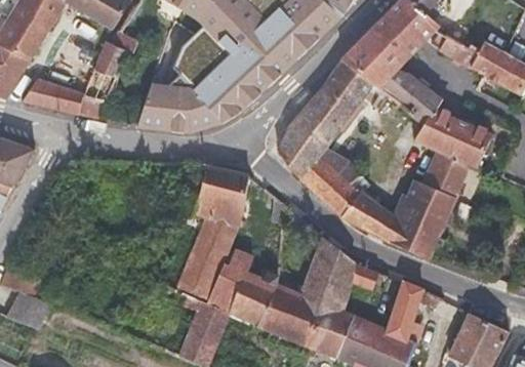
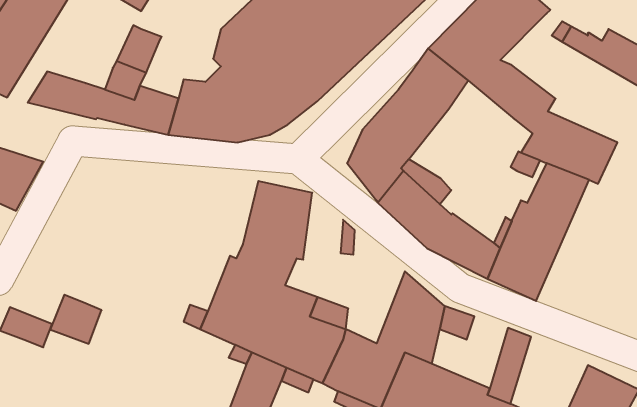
building: [8,290,49,329] -> [50,295,102,344]

